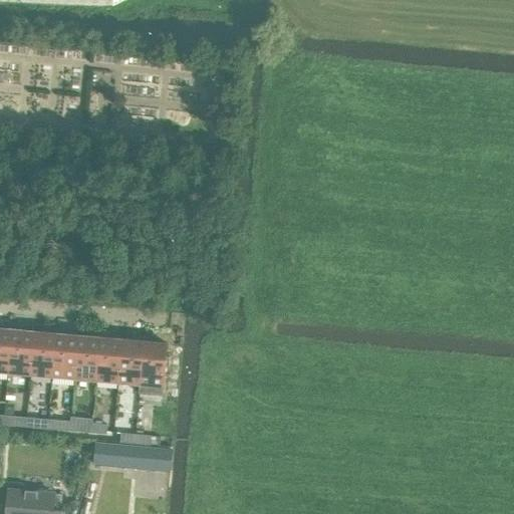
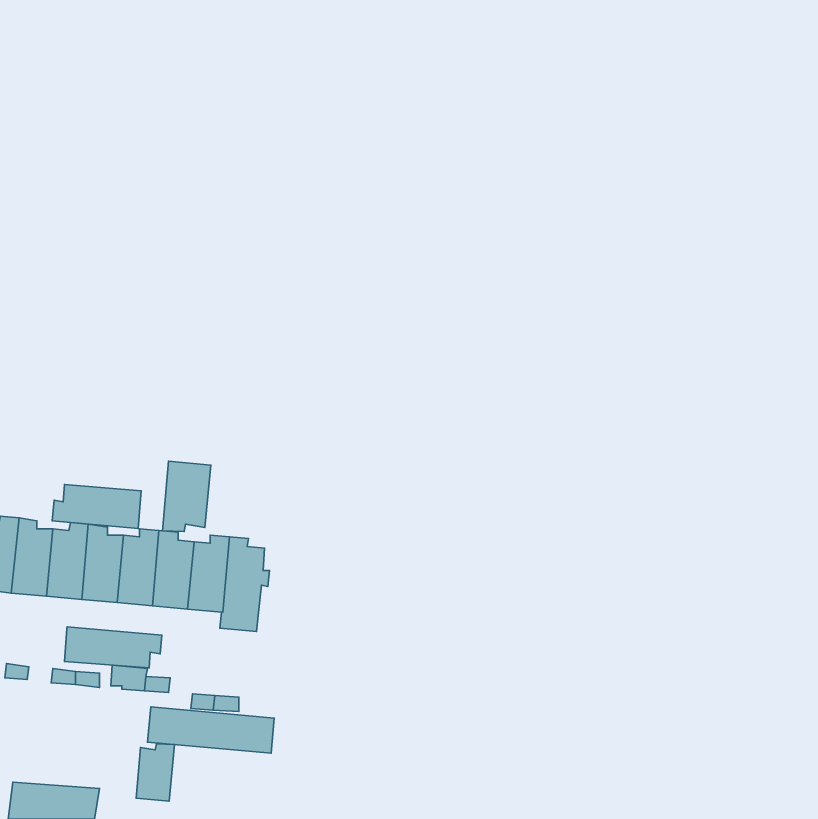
building: none -> [162,461,211,531]
building: none -> [52,484,141,529]
building: none -> [64,627,162,668]
building: none -> [136,744,175,801]

